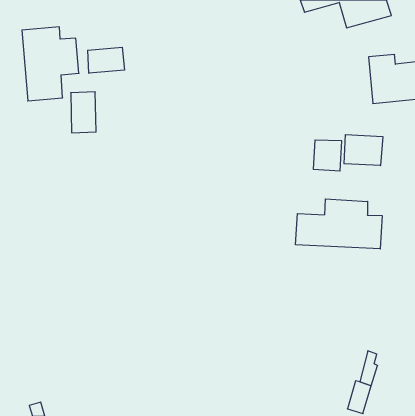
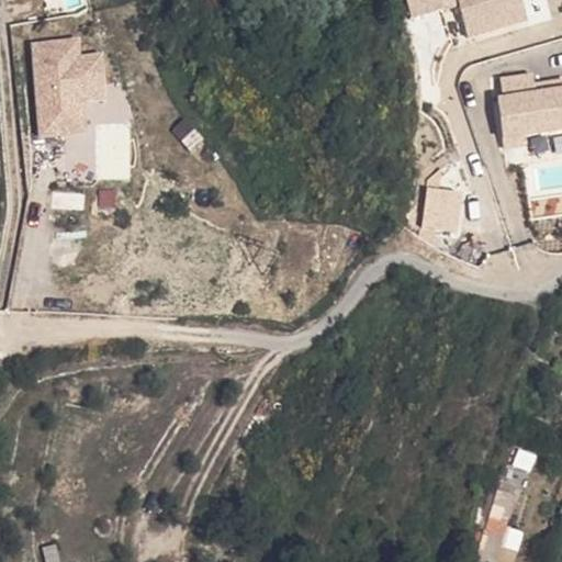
building: [88,47,124,73] -> none
building: [344,135,383,166] -> none
building: [296,199,382,249] -> none

